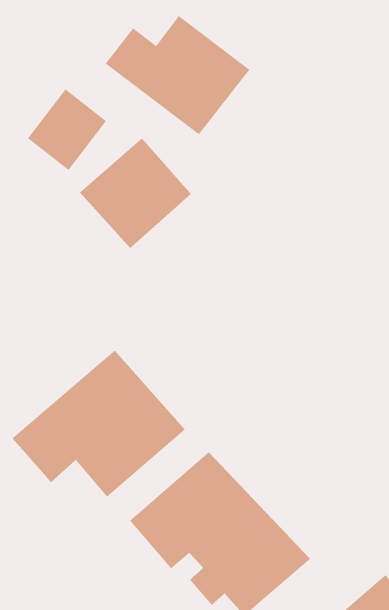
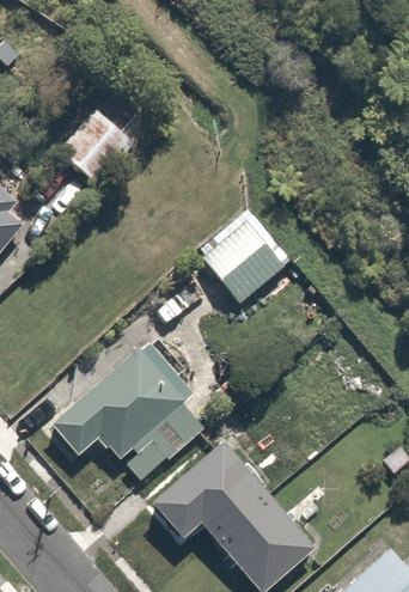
building: [105,15,250,135] -> none
building: [79,138,192,249] -> [194,207,297,309]

